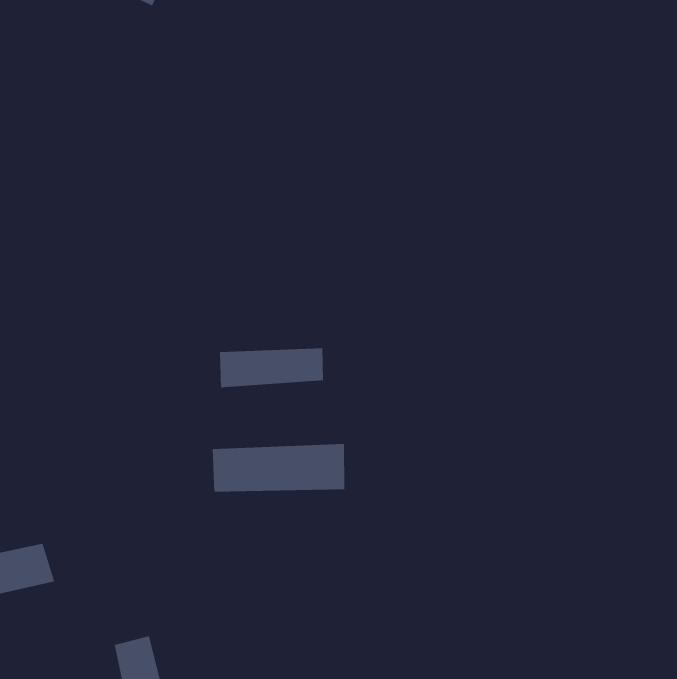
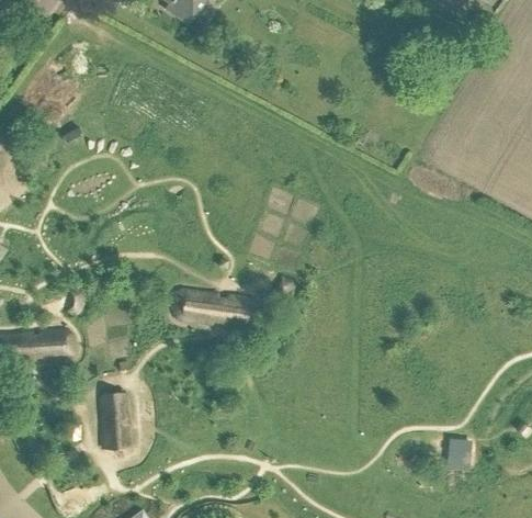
building: [219,348,324,388] -> none

